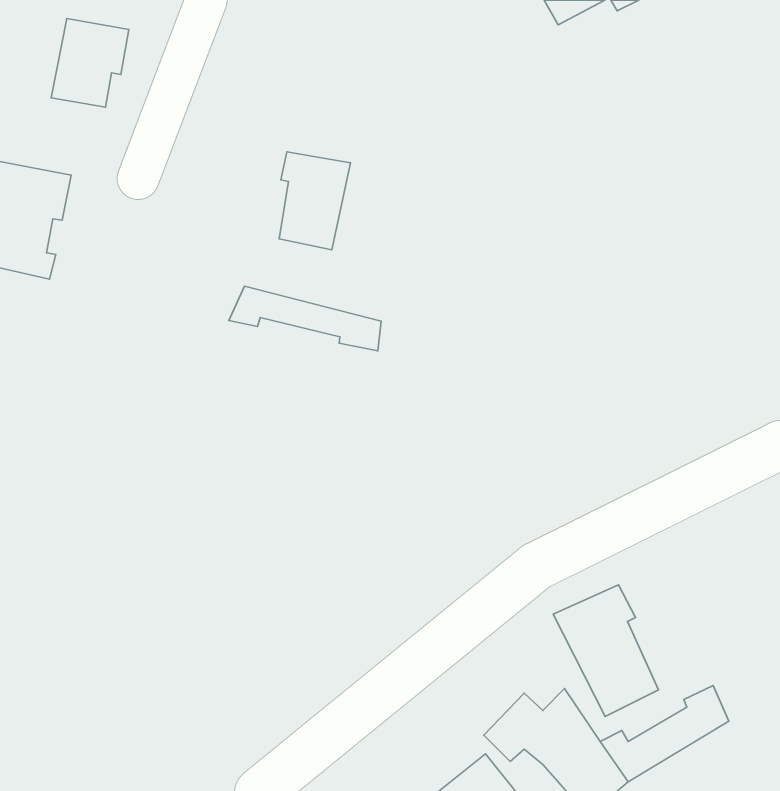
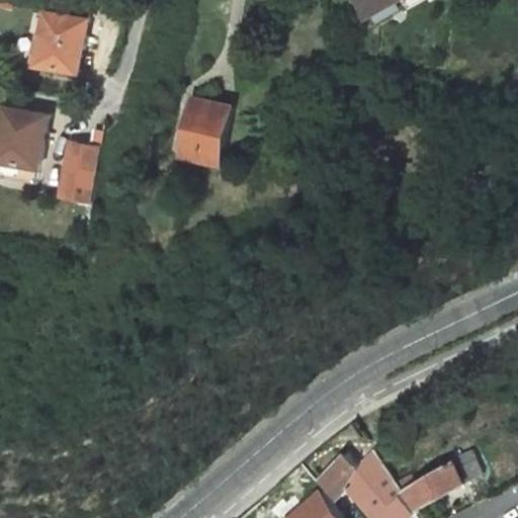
building: none -> [57,138,100,202]
building: [229,286,381,351] -> none
building: [553,585,659,717] -> none

